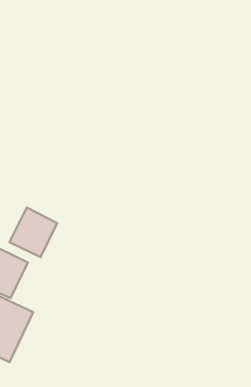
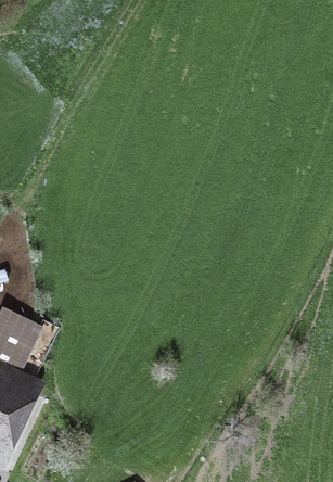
building: [10,208,57,257] -> none

